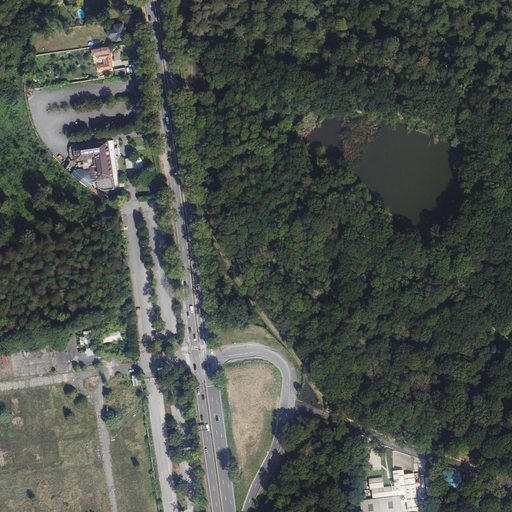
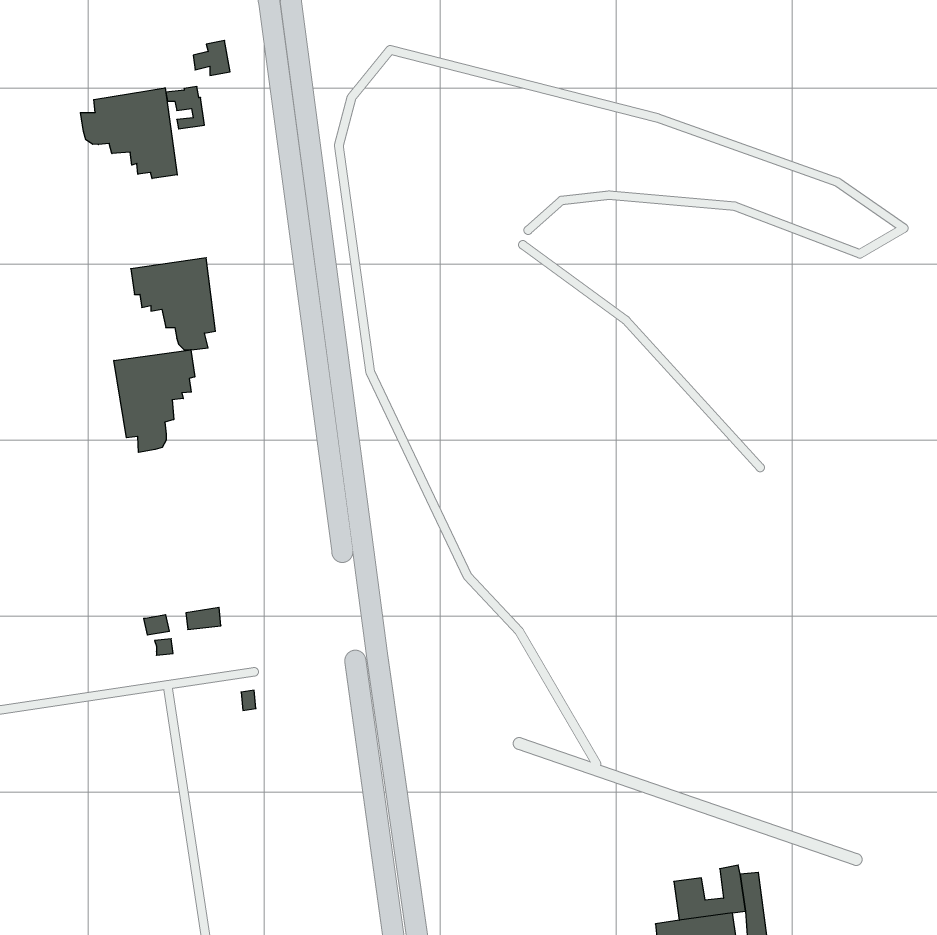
building: none -> [80,88,177,179]
building: none -> [114,350,195,452]

